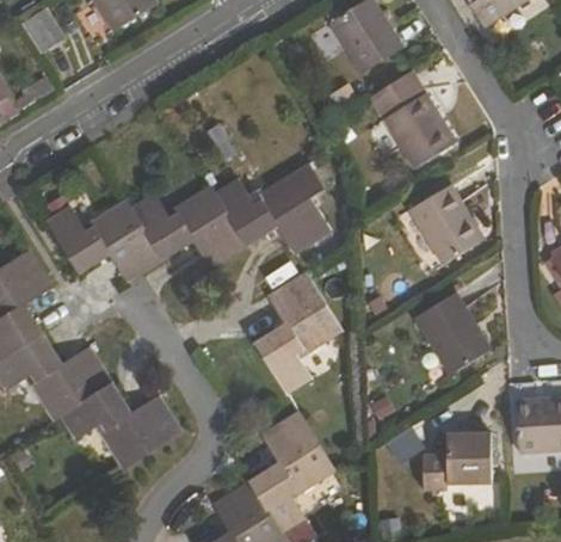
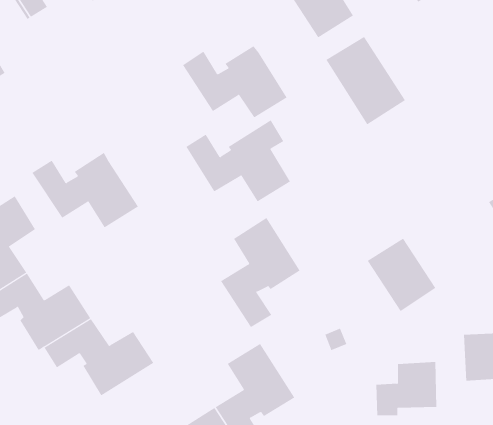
building: [408,185,485,264] -> none
building: [131,186,247,266] -> [182,46,287,118]

